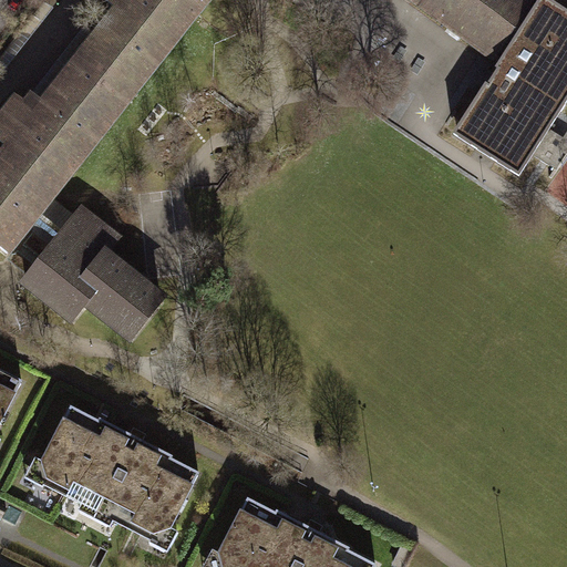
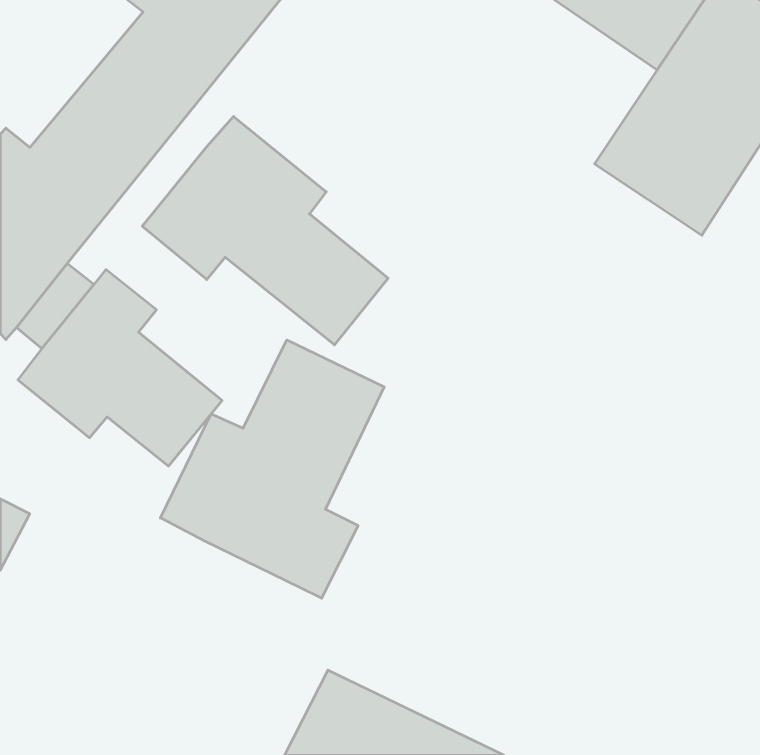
building: none -> [142,116,388,345]
building: none -> [160,340,384,598]
building: [31,405,202,547] -> none

